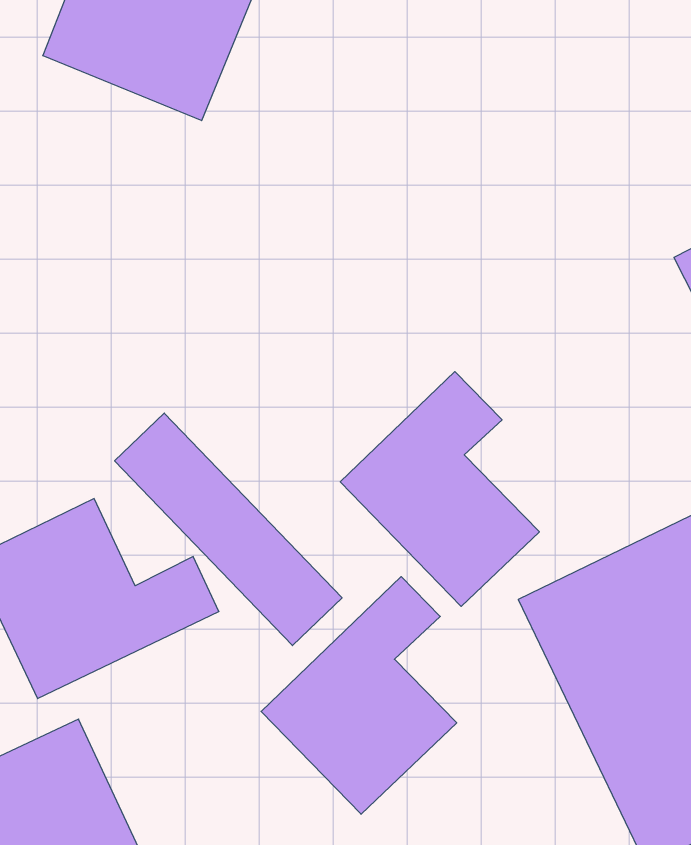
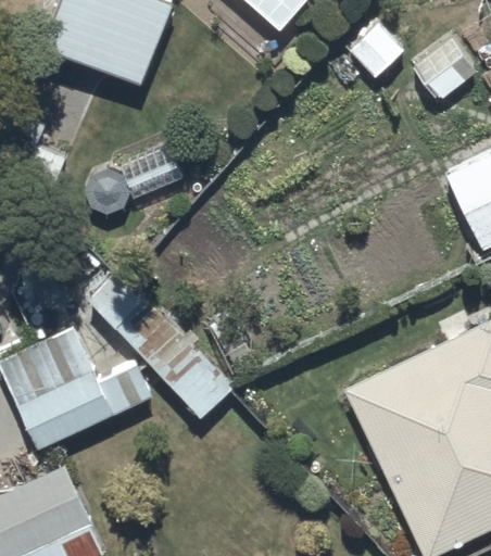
building: [340,372,539,606] -> none
building: [261,577,457,814] -> none

